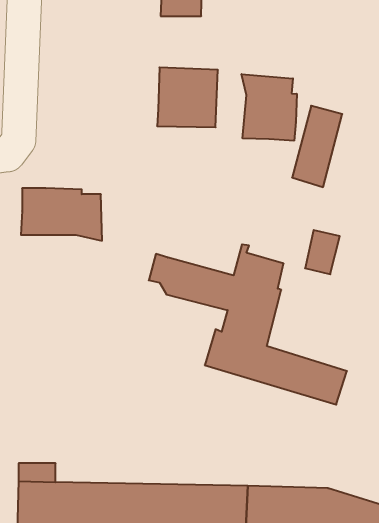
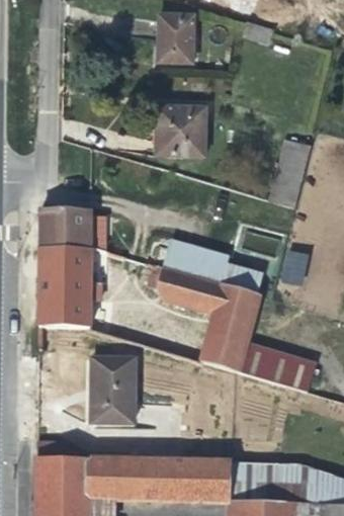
building: [242,74,297,141] -> none
building: none -> [163,240,226,283]
building: none -> [38,249,122,328]
building: none -> [90,358,134,423]

